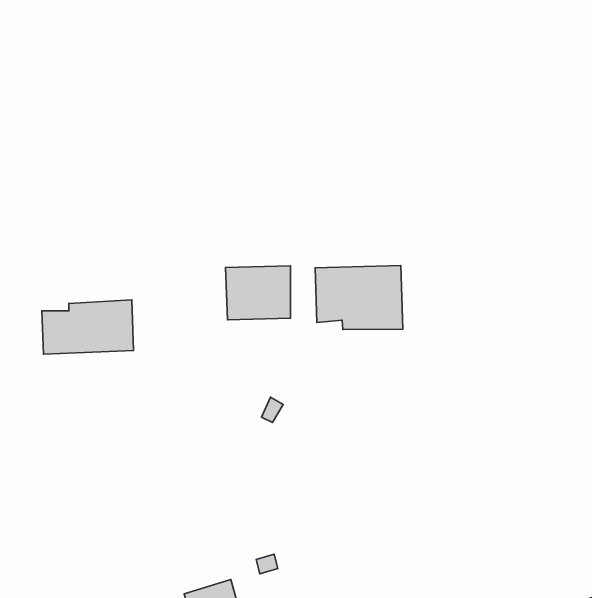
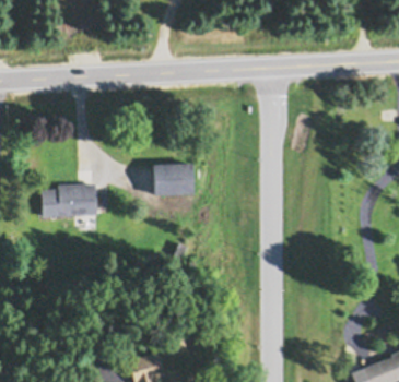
building: [315,266,403,329] -> none

